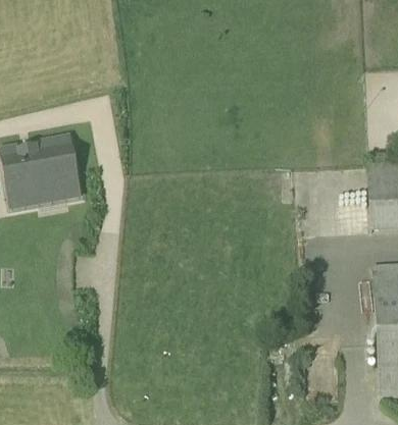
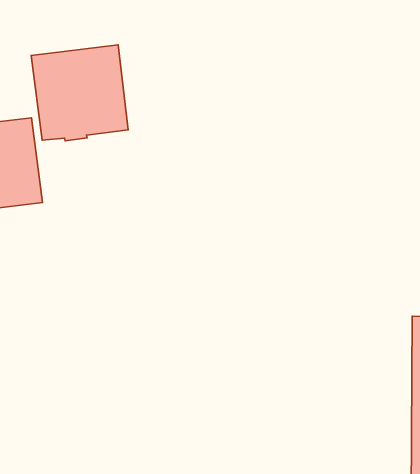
building: none -> [31,45,128,141]

